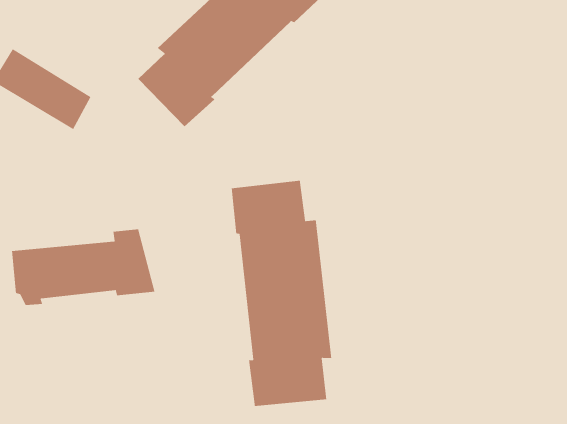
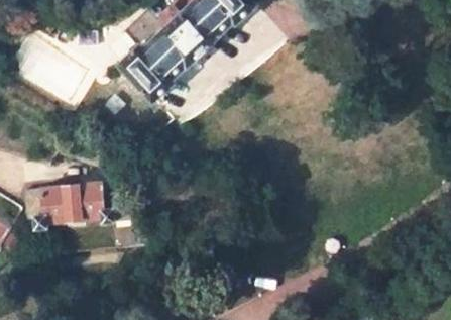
building: [231,180,332,407] -> none

